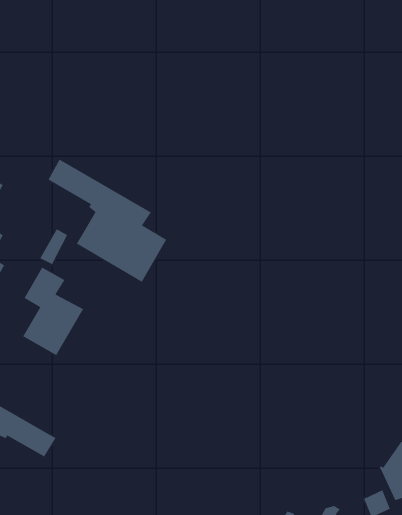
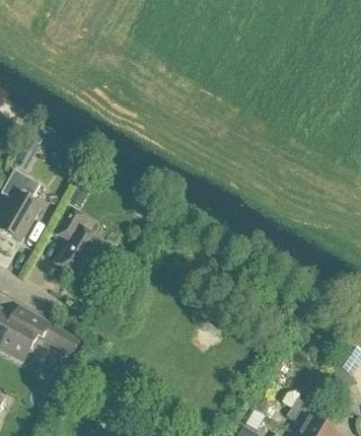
building: [47,158,167,283] -> none

